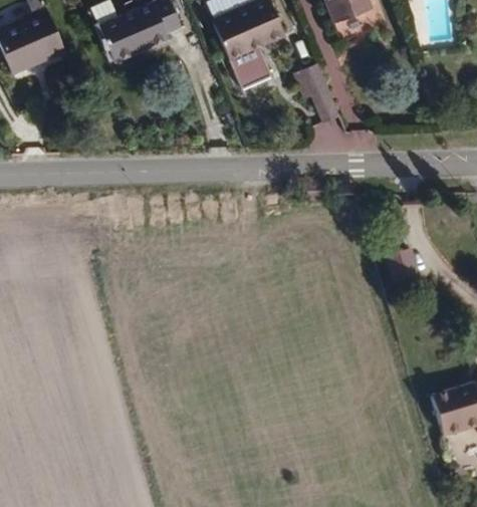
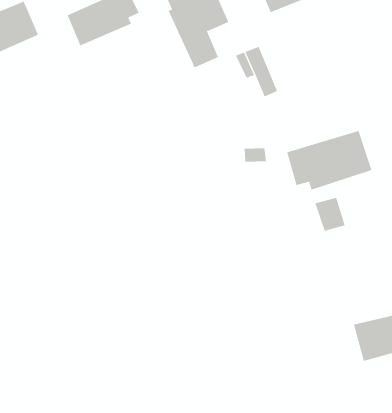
building: none -> [287,130,372,191]

